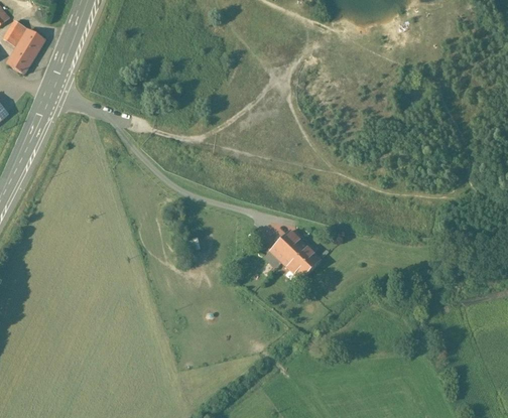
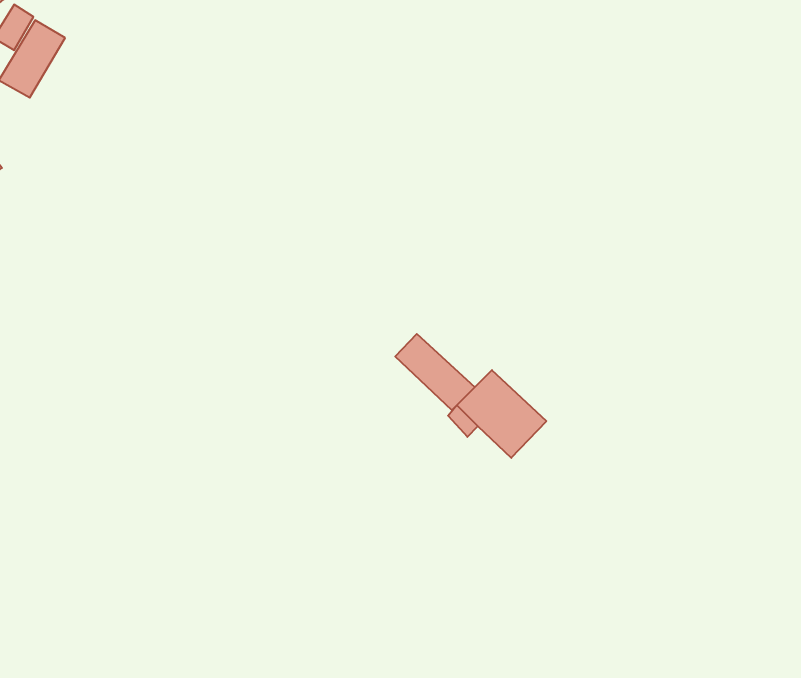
building: none -> [395,334,475,410]

